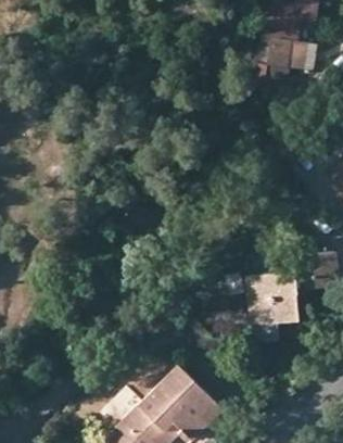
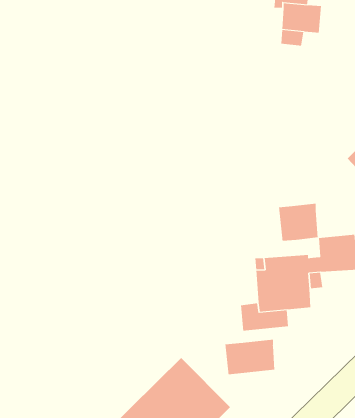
building: none -> [279,203,318,242]
building: none -> [225,339,275,375]

